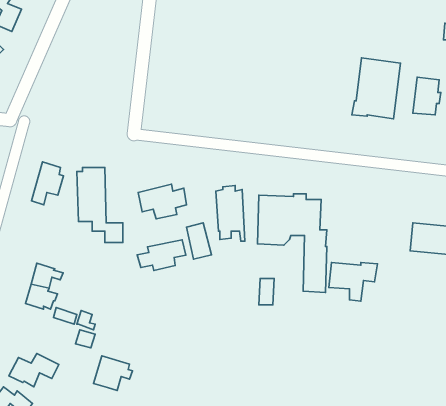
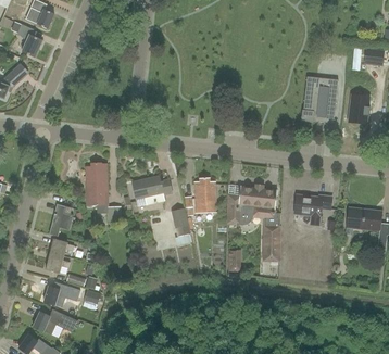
building: [31,162,63,205] -> [48,203,73,237]
building: [137,240,186,271] -> none
building: [329,262,377,301] -> [293,194,331,225]
building: [94,356,132,390] -> [43,280,74,307]

